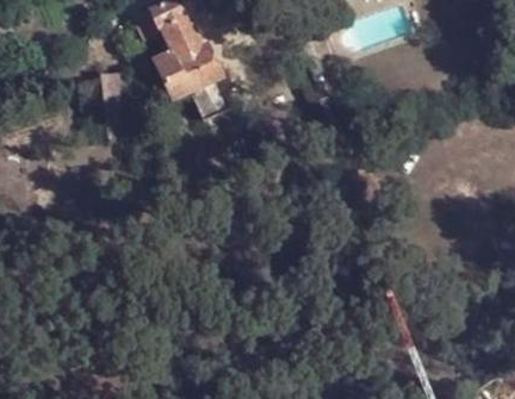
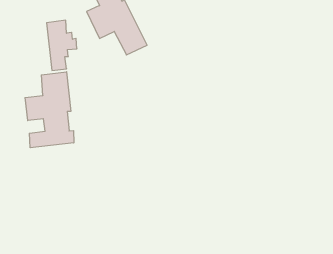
building: none -> [25,72,74,148]

